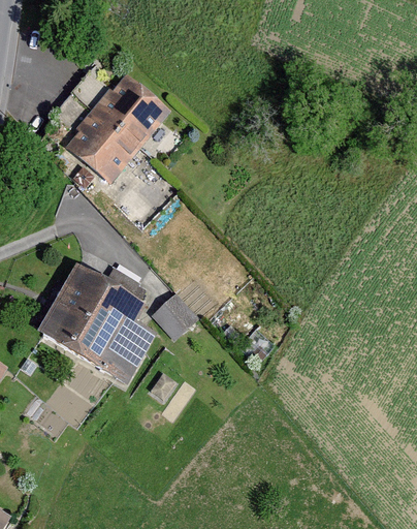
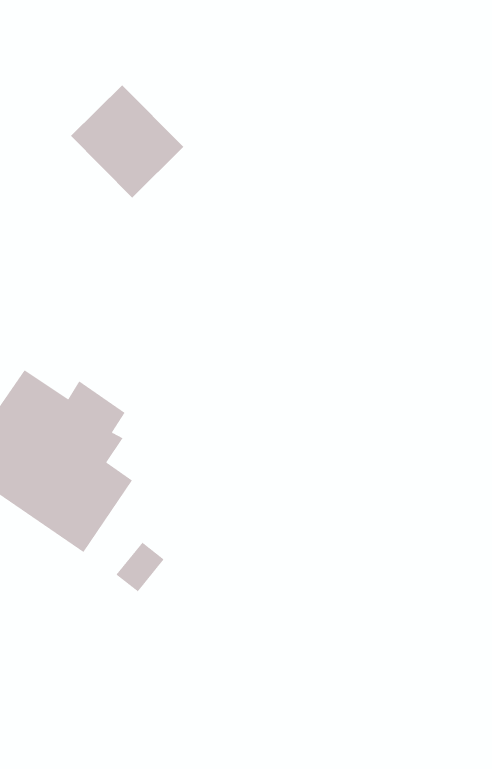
building: [64,111,136,182] -> none
building: [151,293,196,339] -> none

